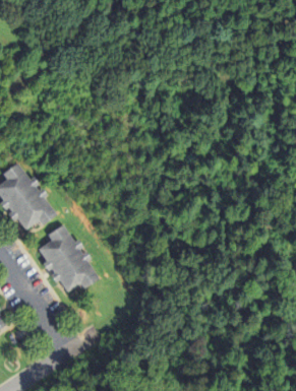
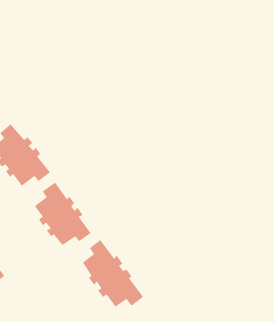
building: none -> [82,239,144,308]

